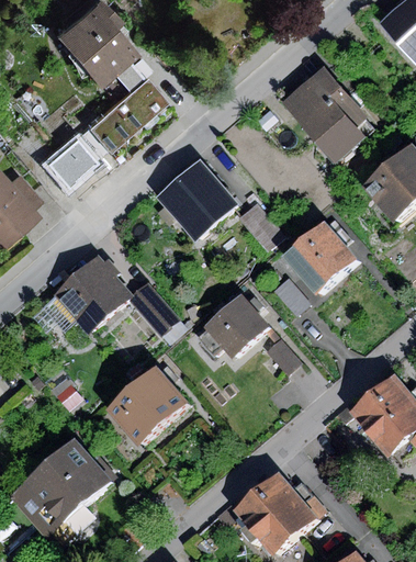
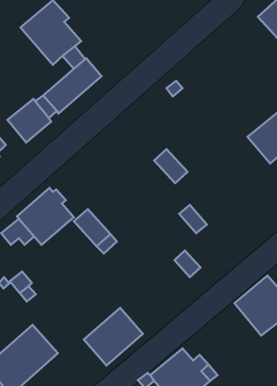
building: [279,64,374,165] -> none
building: [155,158,236,240] -> none
building: [289,226,360,296] -> none
building: [201,295,271,361] -> none
building: [106,366,187,443] -> [84,308,143,365]

